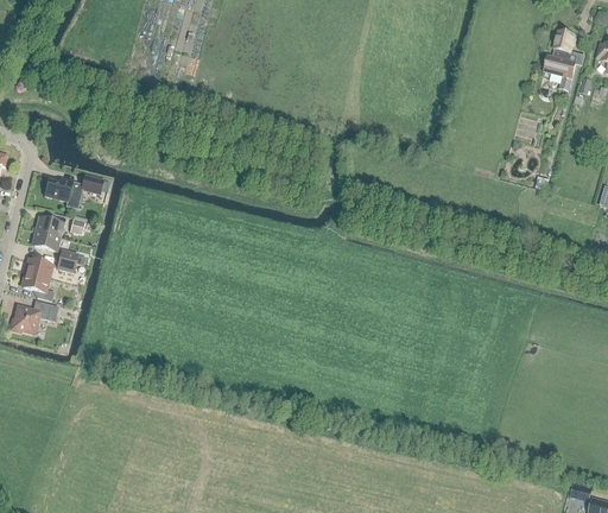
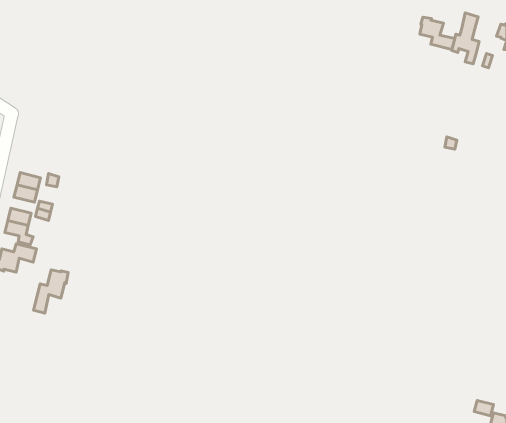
building: none -> [420,17,455,49]
building: [44,173,103,208] -> none
building: none -> [34,270,68,313]

